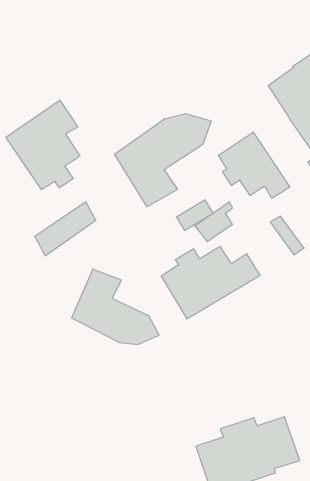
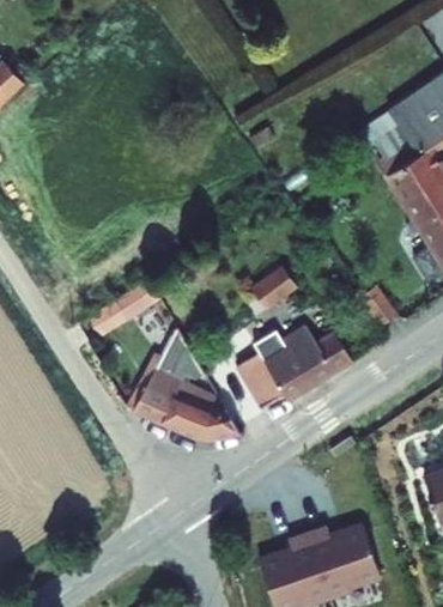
building: [6,100,80,190] -> none
building: [114,114,211,207] -> none
building: [218,132,290,198] -> none

